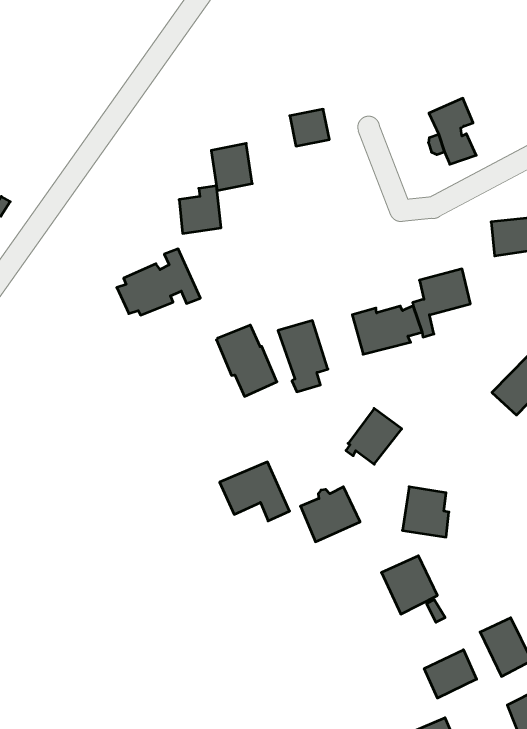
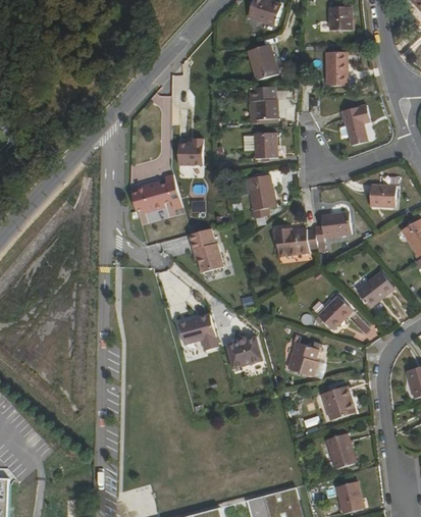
building: none -> [325,52,348,86]
building: none -> [247,44,277,80]
building: [211,143,252,190] -> [254,132,276,158]
building: [278,321,328,392] -> [247,174,274,217]
building: [346,408,402,464] -> [315,295,352,329]
building: [381,556,437,614] -> [321,385,354,420]
building: [424,650,477,698] -> none

